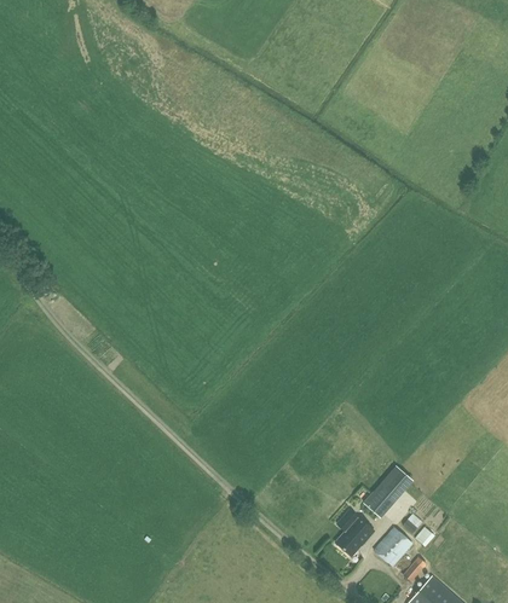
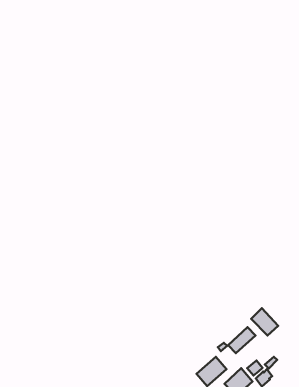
building: none -> [251,308,278,336]

